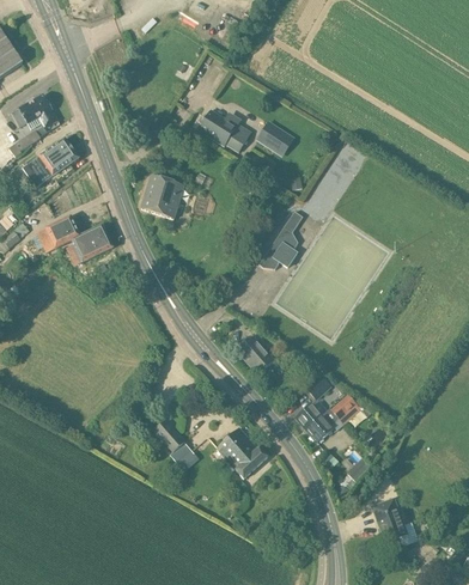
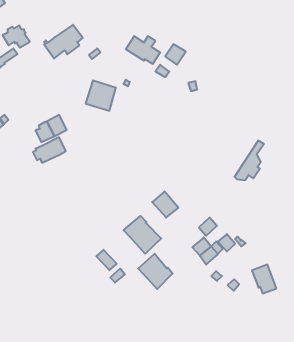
building: [23,138,79,187] -> [44,25,83,59]
building: [260,211,303,268] -> [234,141,264,180]
building: [32,214,80,251] -> [33,137,66,163]
building: none -> [124,216,161,254]
building: [372,498,408,540] -> [252,265,276,293]

